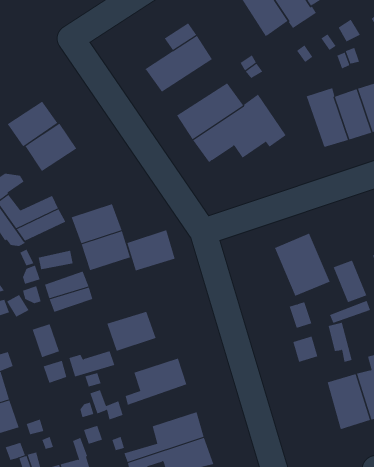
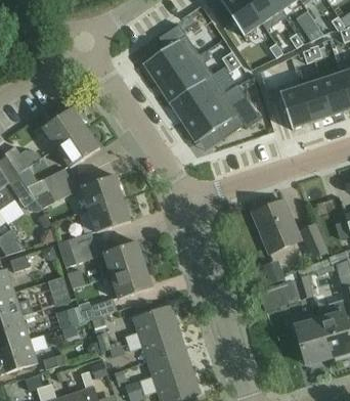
building: none -> [157,50,212,101]
building: [7,101,58,147] -> [56,129,99,168]
building: [127,229,175,271] -> [103,240,144,275]
building: none -> [128,326,186,361]

